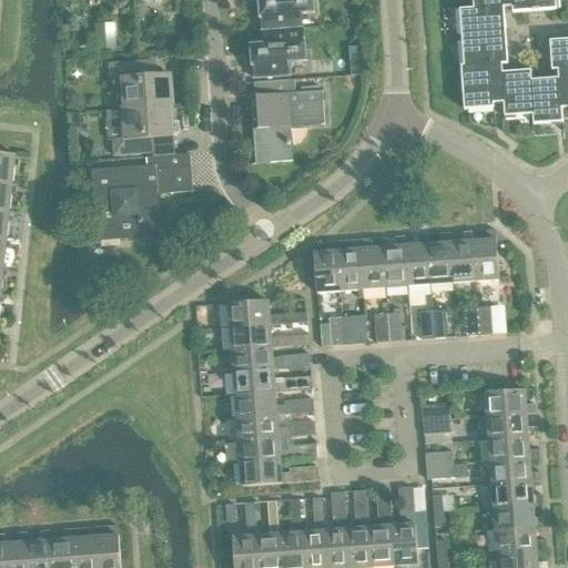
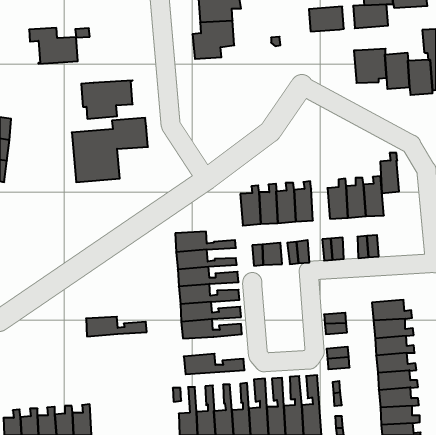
building: [460,33,506,65] -> [309,7,344,31]
building: [109,61,172,108] -> [29,28,78,64]
building: [251,79,323,162] -> none
building: [404,234,428,286] -> [380,153,399,193]
building: [237,437,316,463] -> [86,317,147,336]

